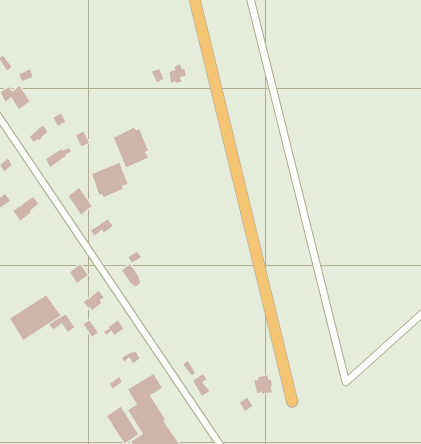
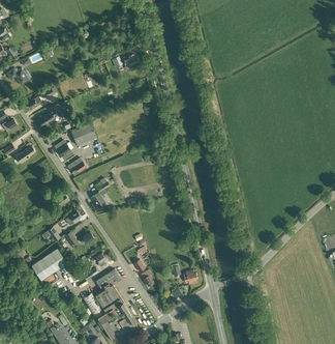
building: [113,126,149,168] -> none
building: [9,295,61,341] -> [31,248,67,280]

